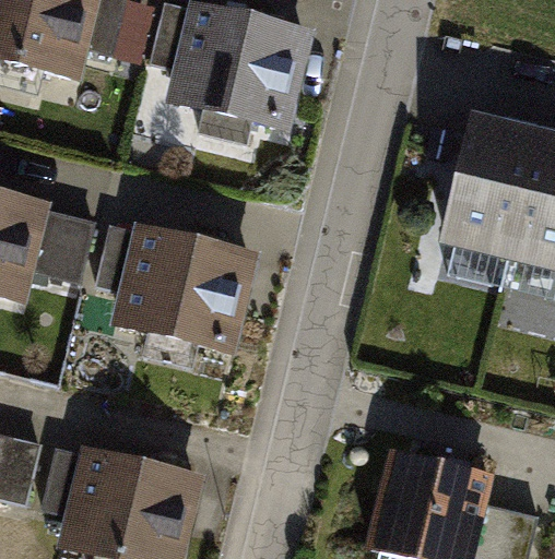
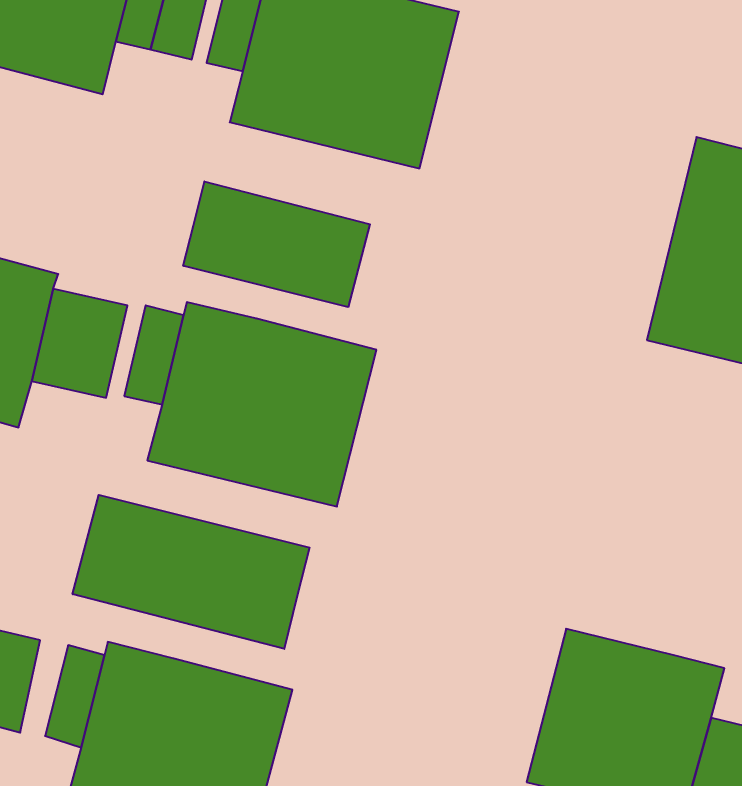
building: none -> [183,181,370,307]
building: none -> [73,495,310,649]

